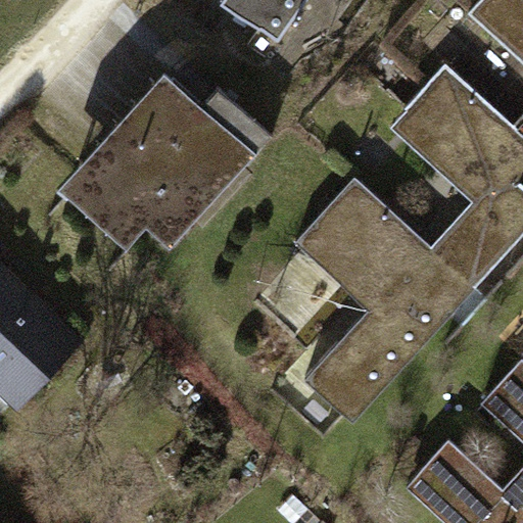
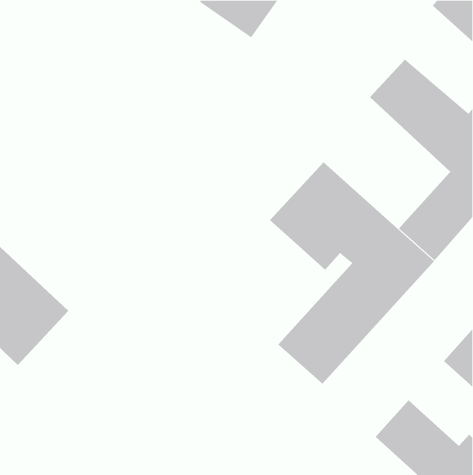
building: [85,80,271,250] -> none

